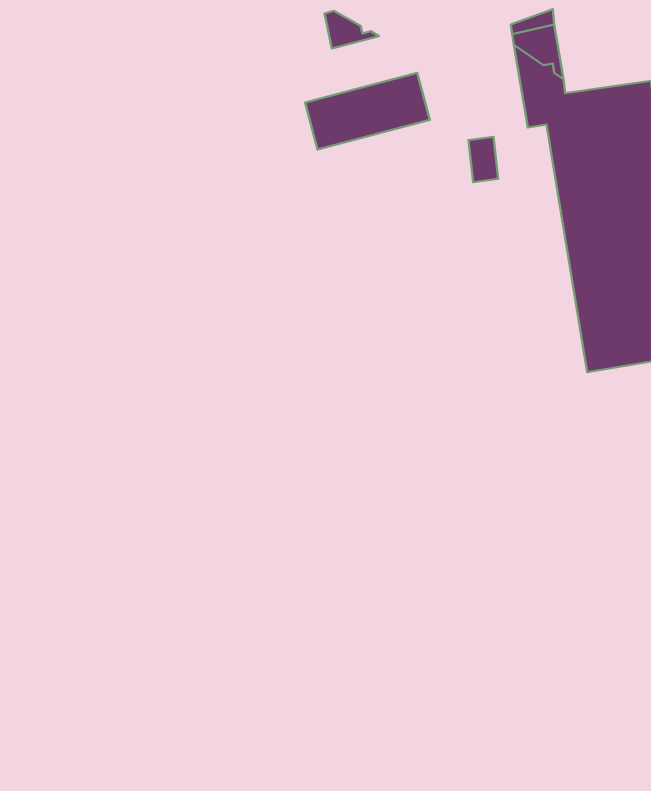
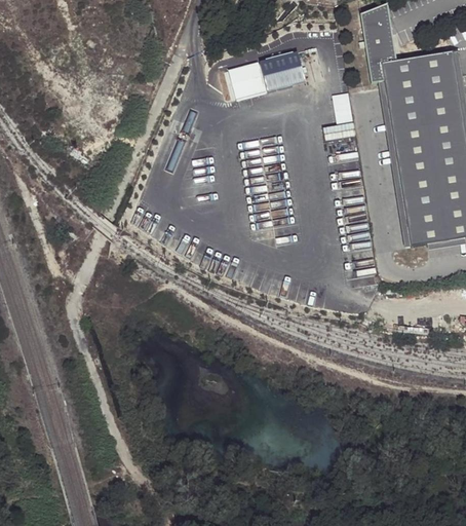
building: [324,11,379,49] -> none

